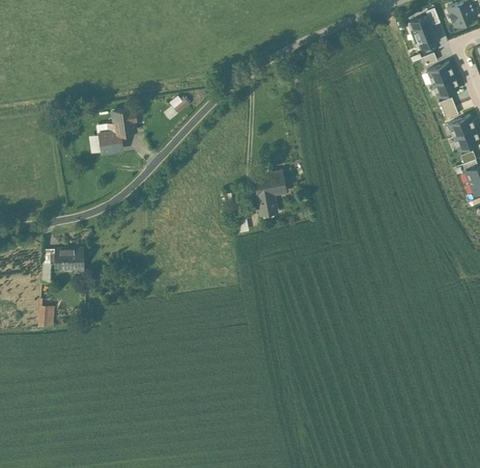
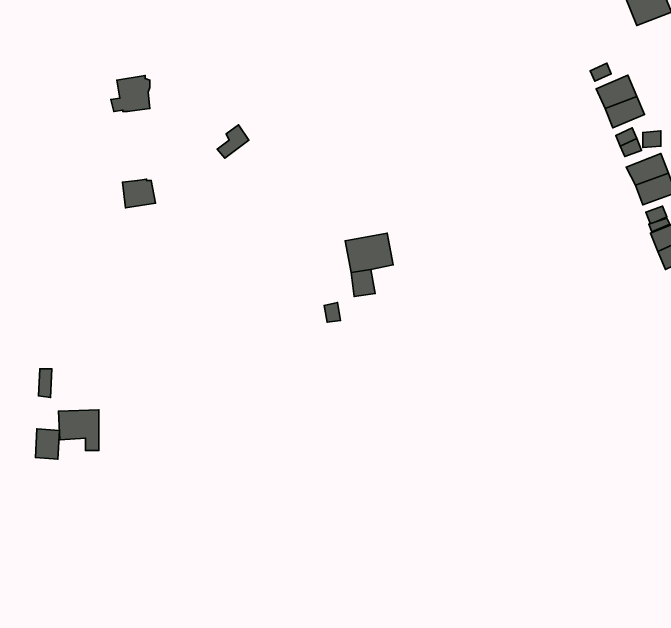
building: [410,17,439,50] -> none
building: [108,110,135,135] -> [111,76,150,112]
building: [55,249,83,277] -> [58,410,99,450]

